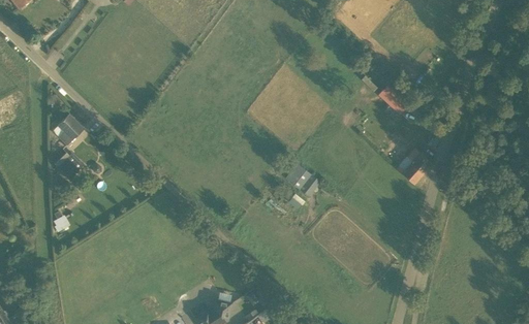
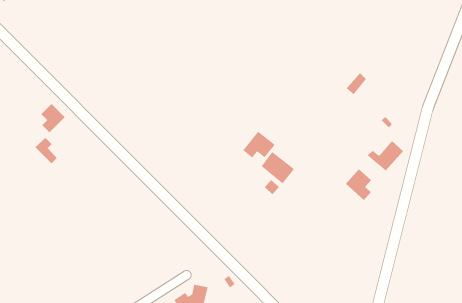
building: none -> [242,131,275,158]
building: none -> [345,169,372,201]

